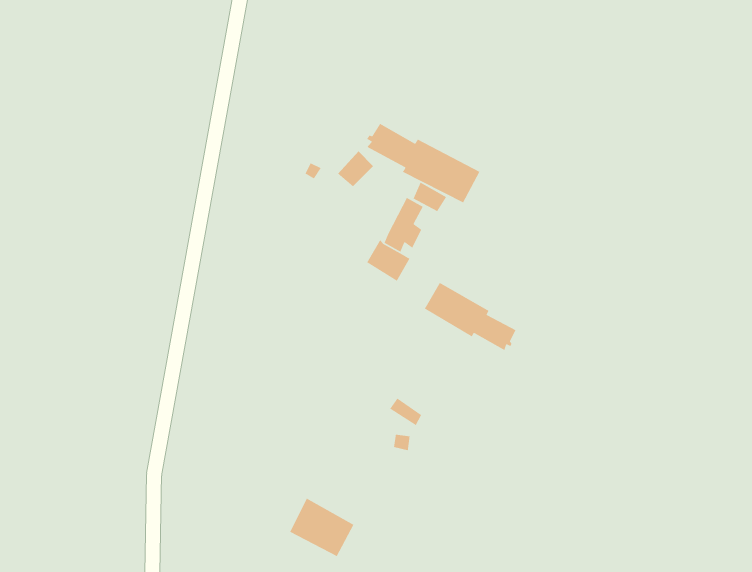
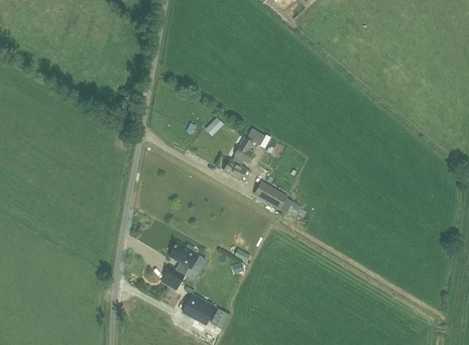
building: [366,123,481,203] -> none
building: none -> [161,241,199,290]

